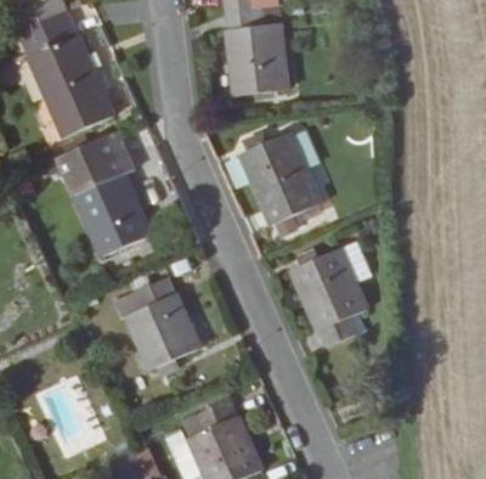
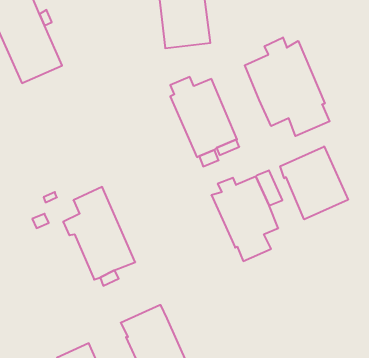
building: none -> [245,37,330,136]
building: [57,131,149,257] -> none
building: none -> [280,146,348,219]

